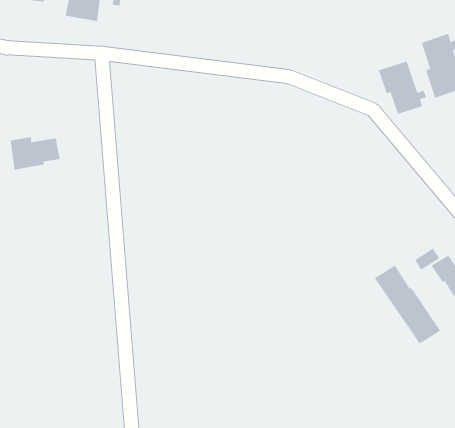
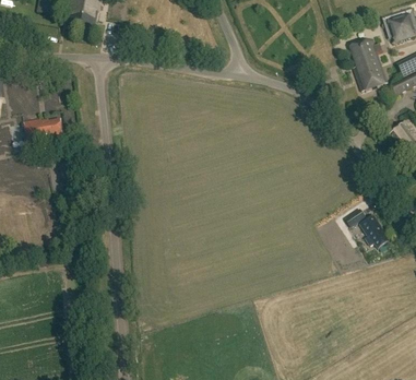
building: [378,60,427,115] -> none
building: [374,264,441,345] -> none

